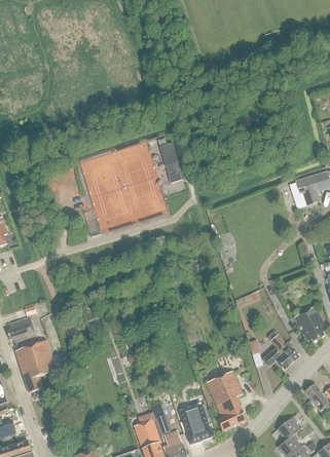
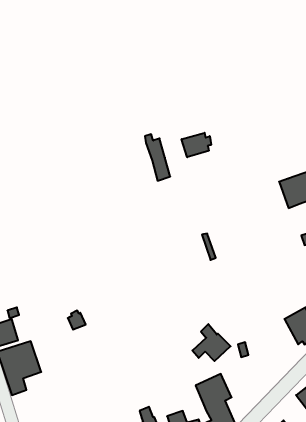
building: none -> [182,133,211,157]
building: [262,333,299,369] -> [192,324,231,361]

